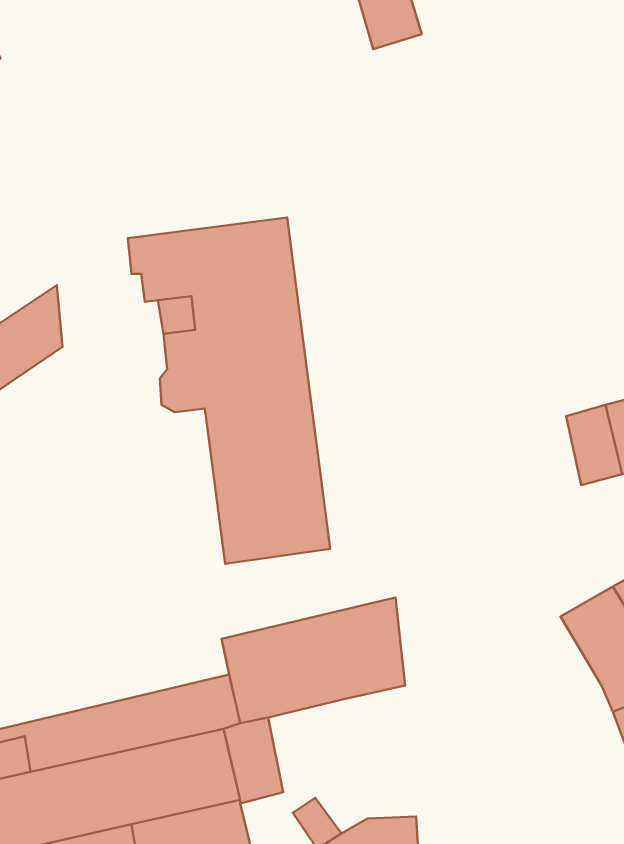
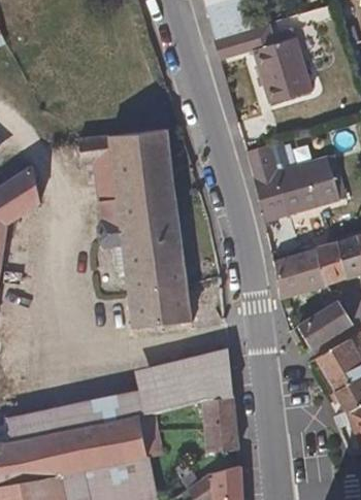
building: none -> [216,26,314,103]
building: none -> [245,144,336,222]
building: none -> [274,245,330,295]
building: none -> [300,305,347,346]
building: none -> [200,394,238,448]

